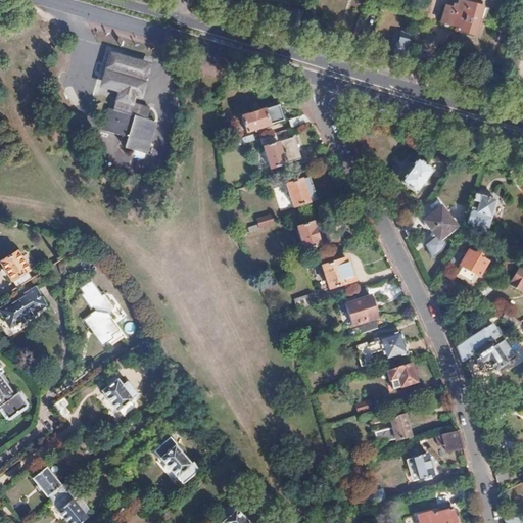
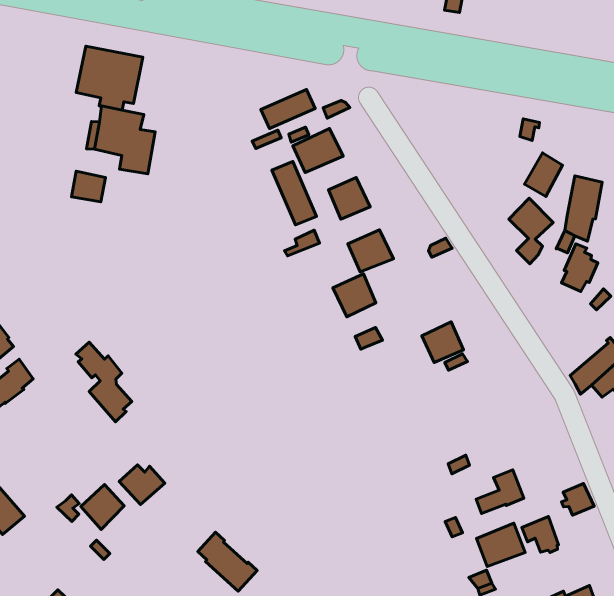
building: none -> [72,171,106,202]
building: none -> [272,162,316,225]
building: [401,159,432,193] -> [525,153,562,196]
building: [322,256,353,288] -> [333,274,376,317]
building: [355,331,409,365] -> none
building: [387,362,416,388] -> none
building: none -> [81,485,124,529]
building: none -> [477,523,525,567]

